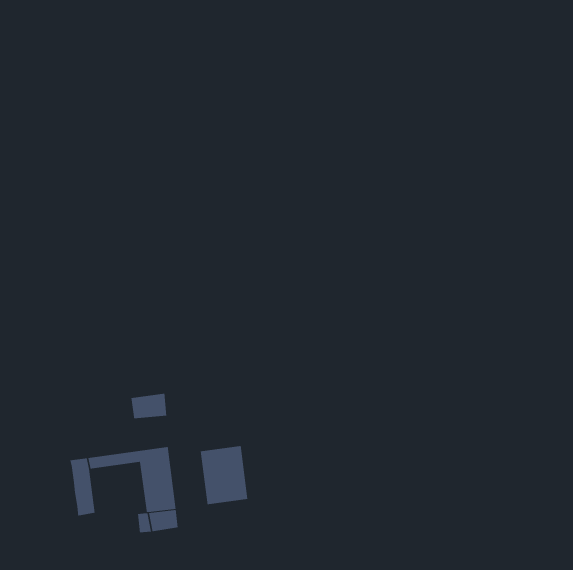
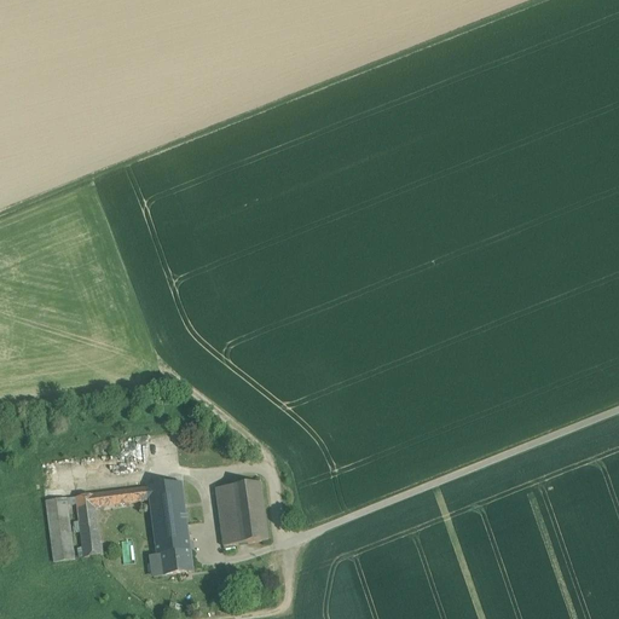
building: [131,393,167,419] -> none
building: none -> [46,497,74,560]

